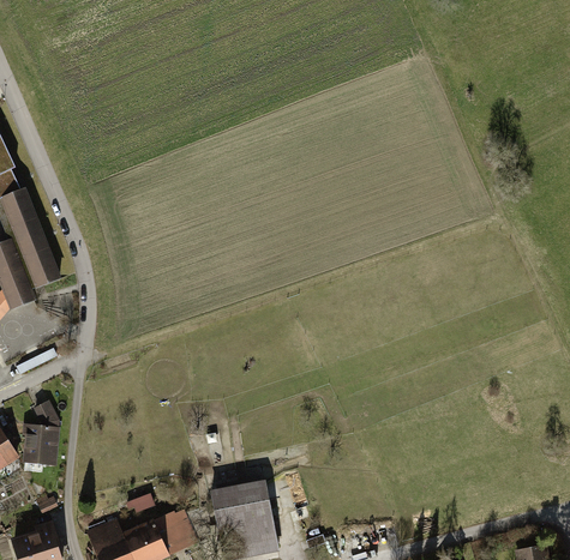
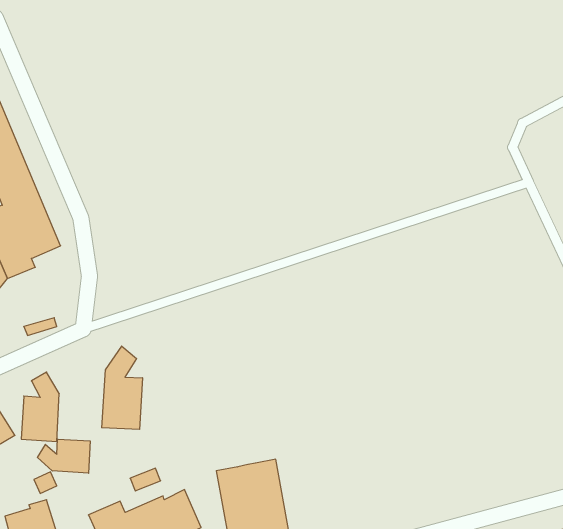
building: none -> [102,346,142,429]
building: none -> [37,439,90,473]

